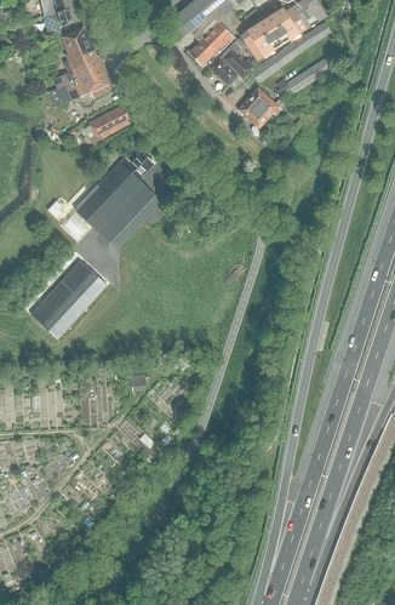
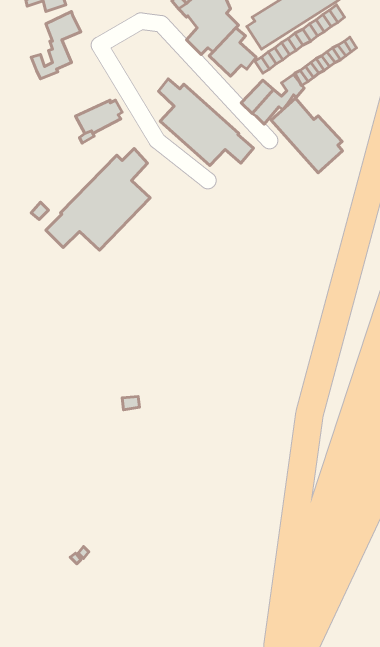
building: [56,44,111,103] -> none
building: none -> [158,79,254,166]
building: none -> [271,98,343,173]
building: [30,258,108,338] -> none

